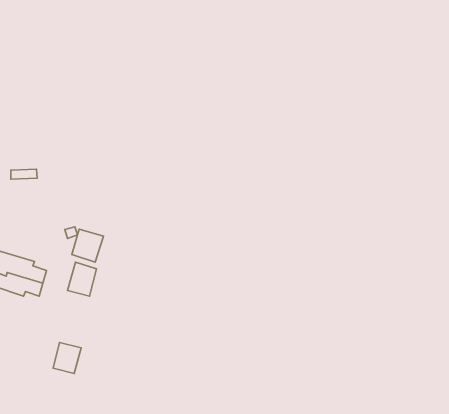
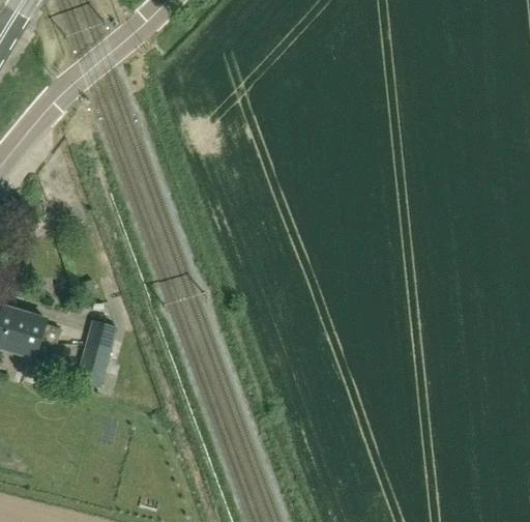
building: [72,229,103,262] -> none
building: [53,342,81,374] -> [76,351,108,386]

